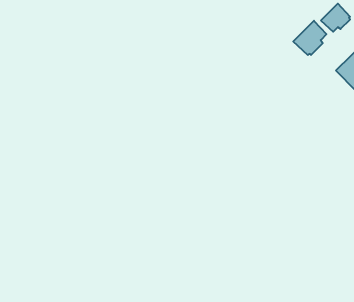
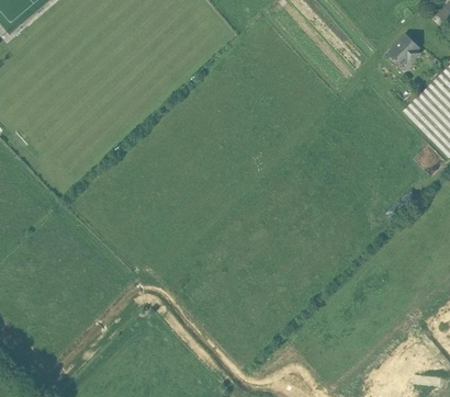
building: [293,21,326,55] -> none

